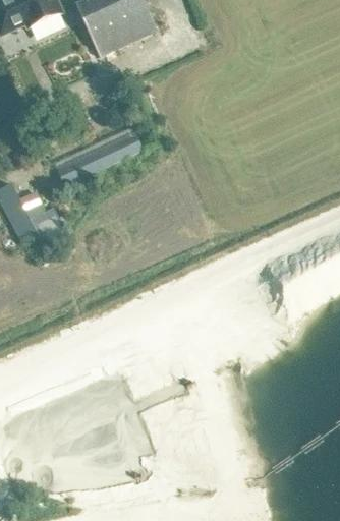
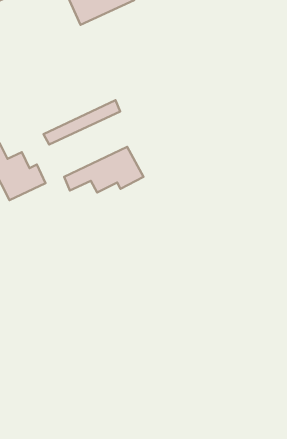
building: none -> [64,147,144,192]

